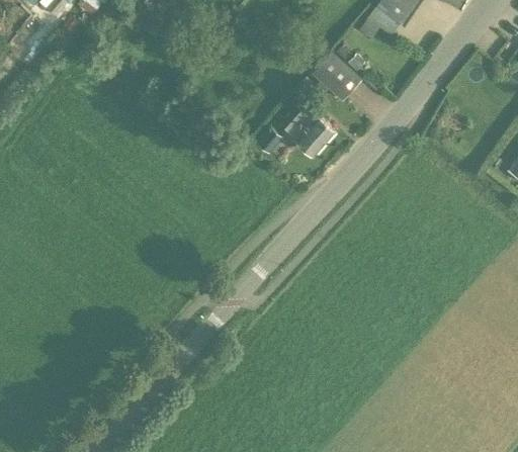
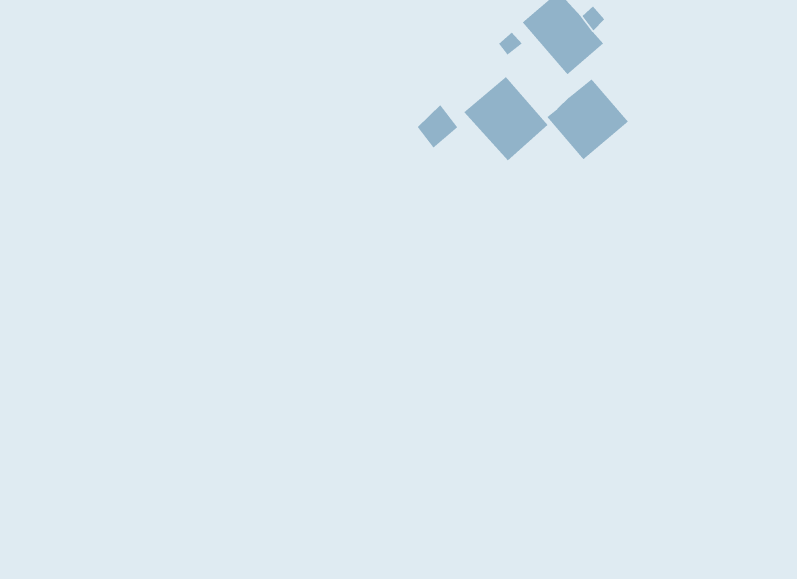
building: none -> [546,78,629,160]

